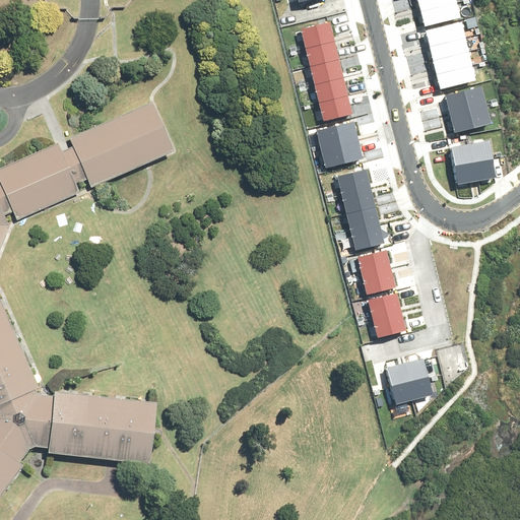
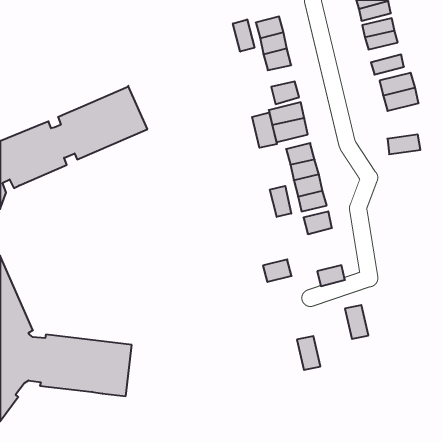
building: none -> [233,19,254,52]
building: [433,51,471,74] -> none
building: [315,77,346,103] -> none
building: none -> [252,113,277,148]
building: [452,140,491,164] -> none
building: none -> [270,186,291,217]
building: [362,268,395,294] -> none
building: [368,292,401,319] -> [263,259,292,282]
building: [386,363,413,402] -> [297,336,320,370]

